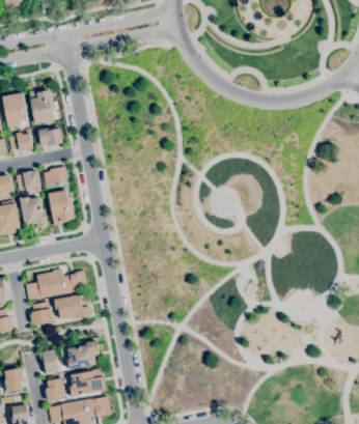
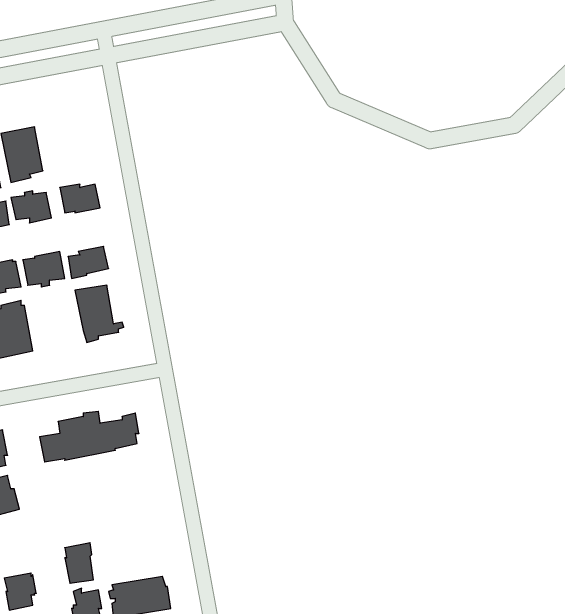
building: [29,90,55,125] -> none
building: [20,197,50,230] -> none
building: [55,294,93,319] -> none
building: [30,302,52,326] -> none
building: [67,341,101,369] -> none

